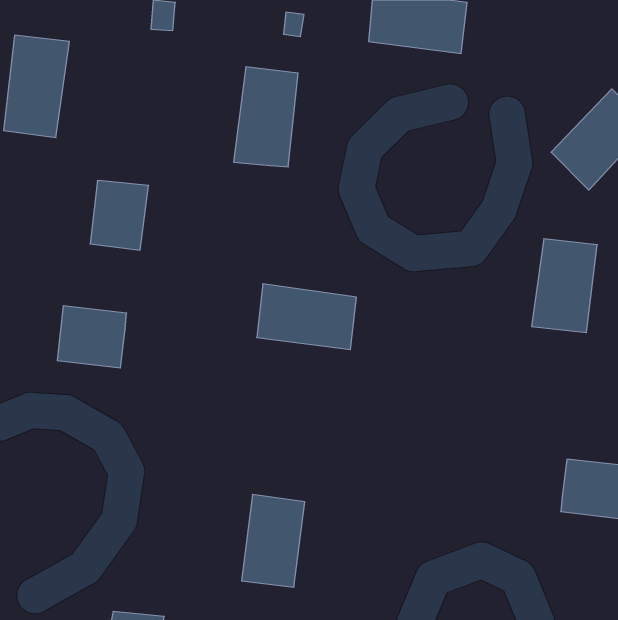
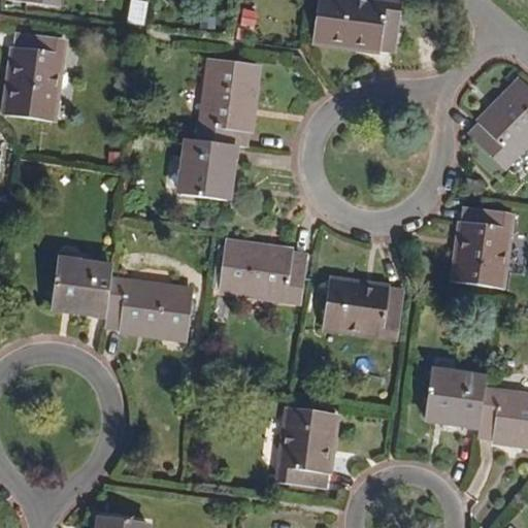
building: [90,181,149,250] -> [183,138,232,197]
building: none -> [103,280,190,336]
building: none -> [324,280,402,336]
building: none -> [426,372,486,423]
building: [242,495,305,587] -> [279,409,333,488]

